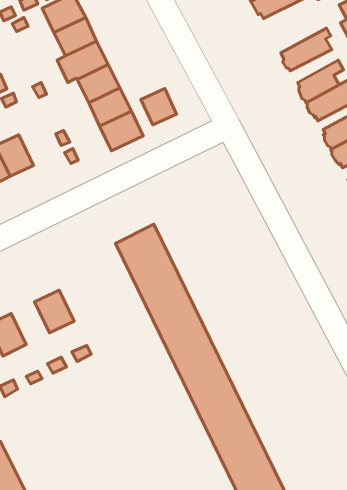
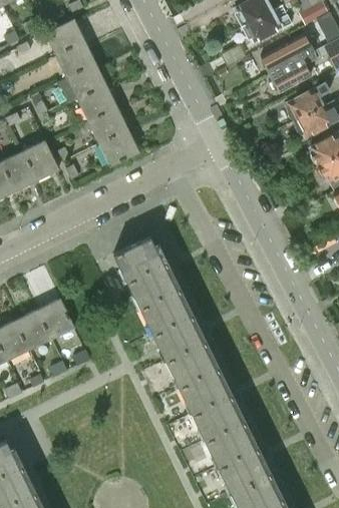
building: none -> [261,33,313,74]
building: [141,88,176,125] -> none
building: none -> [23,140,59,180]
building: none -> [16,309,52,349]

